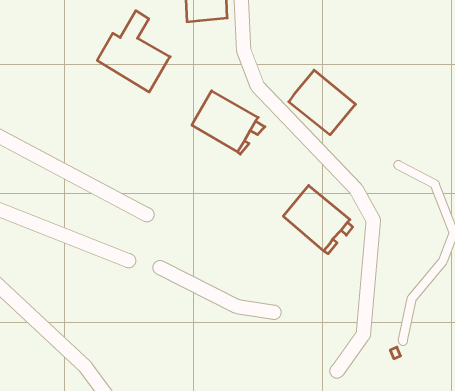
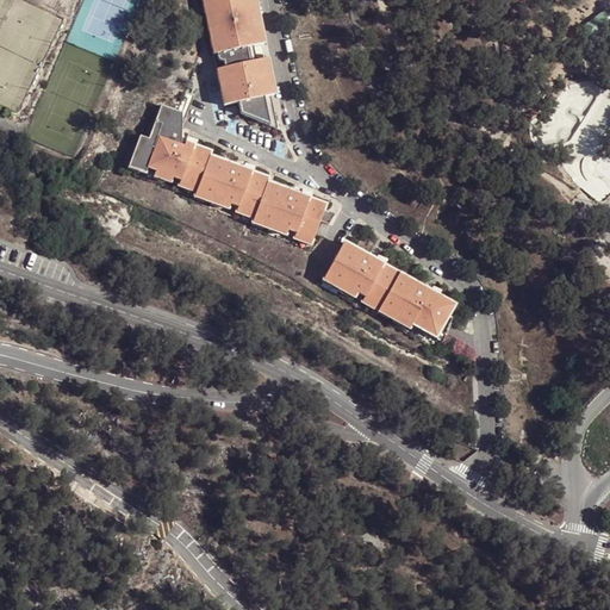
building: none -> [241,91,280,126]
building: none -> [194,151,270,219]
building: [289,70,356,135] -> [320,239,399,312]

